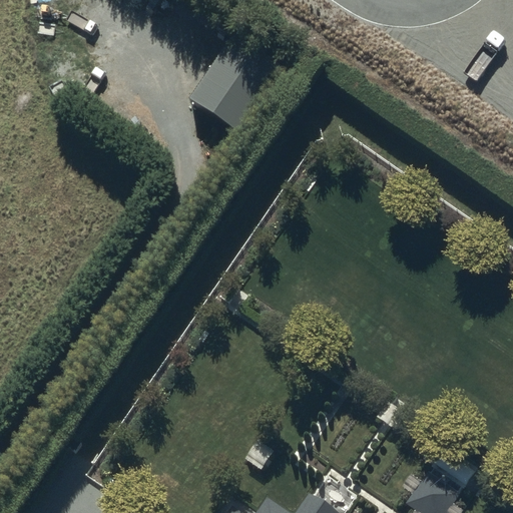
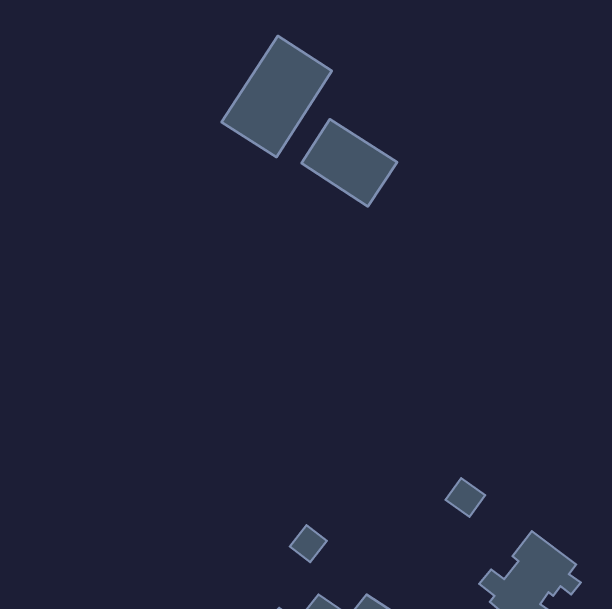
building: none -> [301,119,397,207]

